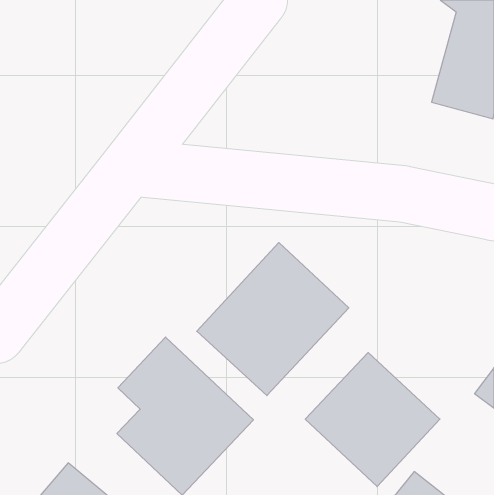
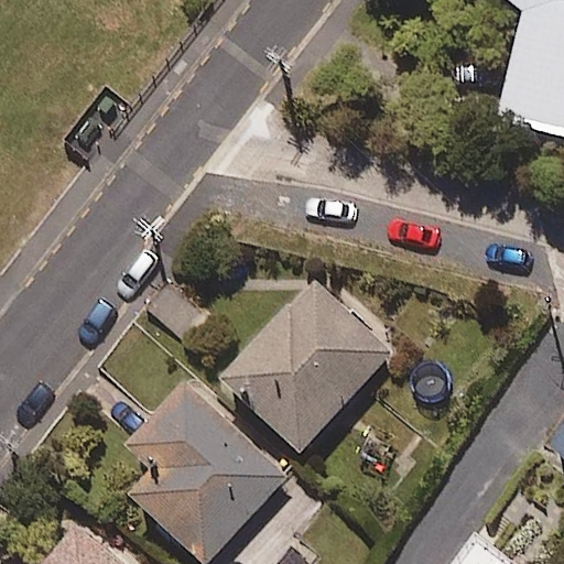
building: [305,353,440,487] -> none

